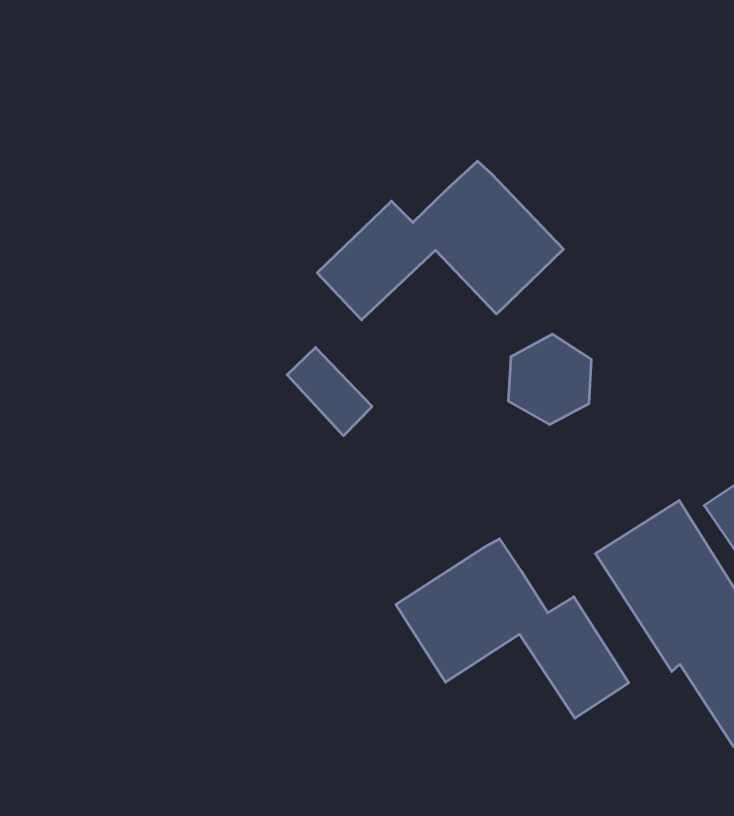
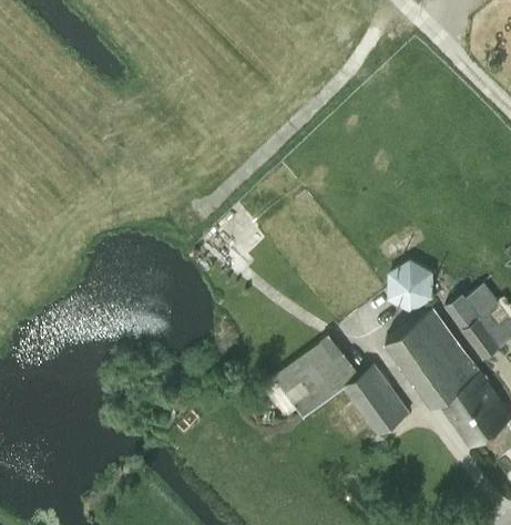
building: [317,161,563,320] -> none
building: [508,334,591,425] -> [387,260,433,312]

